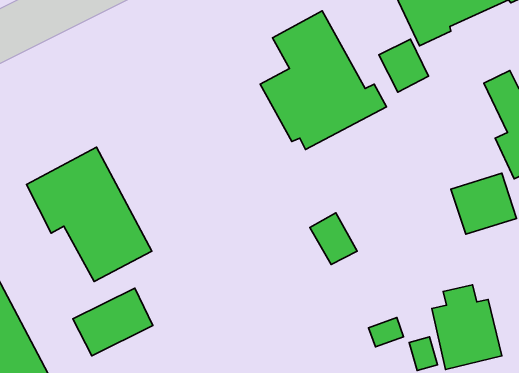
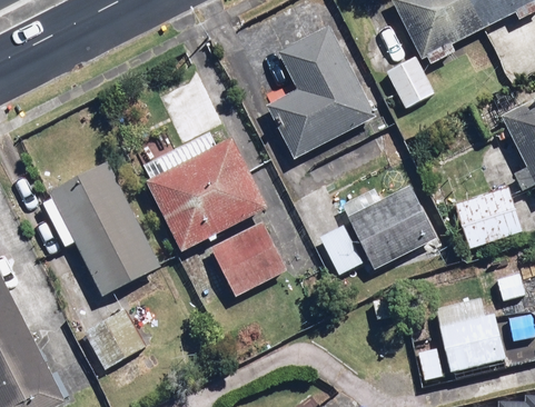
building: none -> [141,139,264,252]
building: none -> [346,183,440,272]
building: none -> [208,220,289,300]

